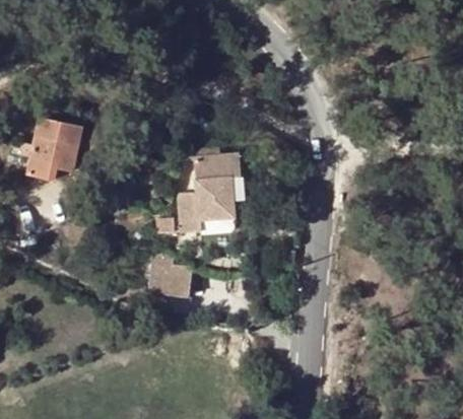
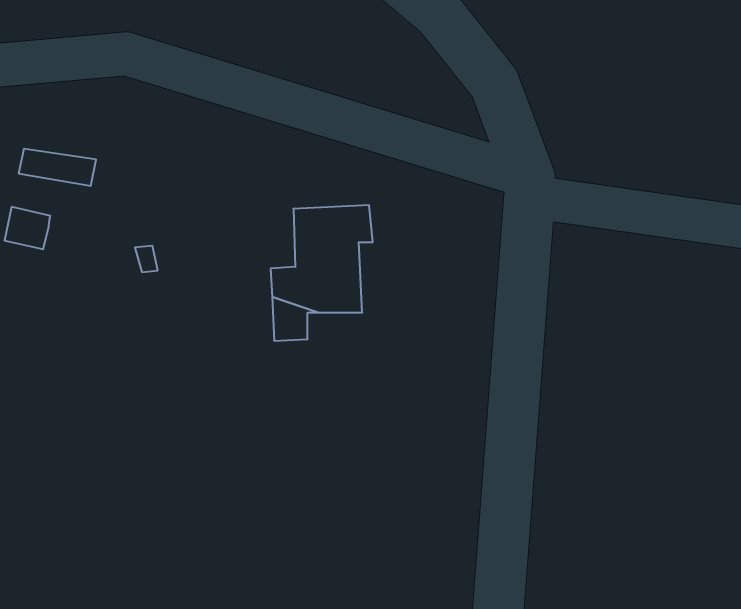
building: [31,137,77,170] -> none
building: [150,263,188,293] -> none

